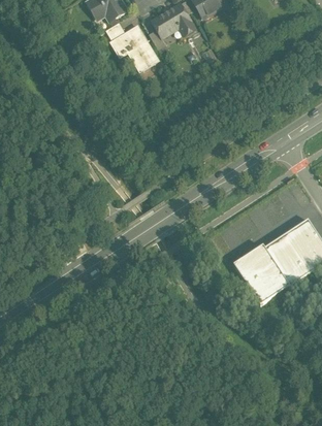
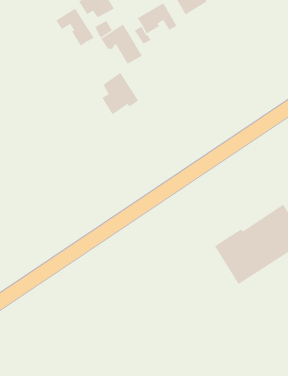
building: none -> [55,8,94,47]
building: none -> [102,72,139,115]

